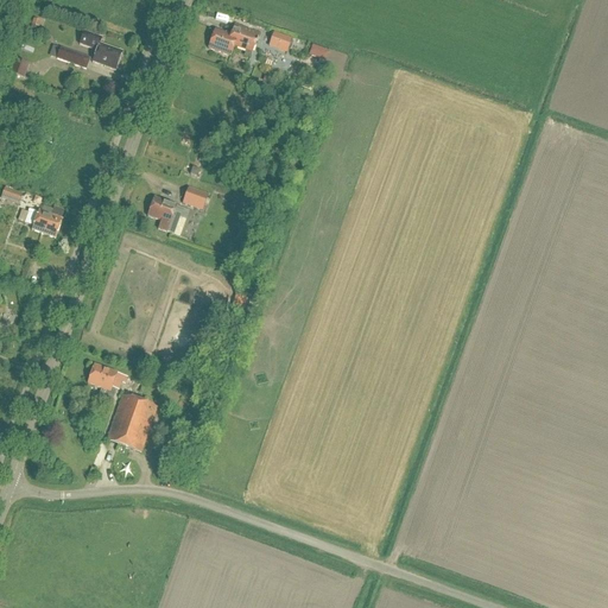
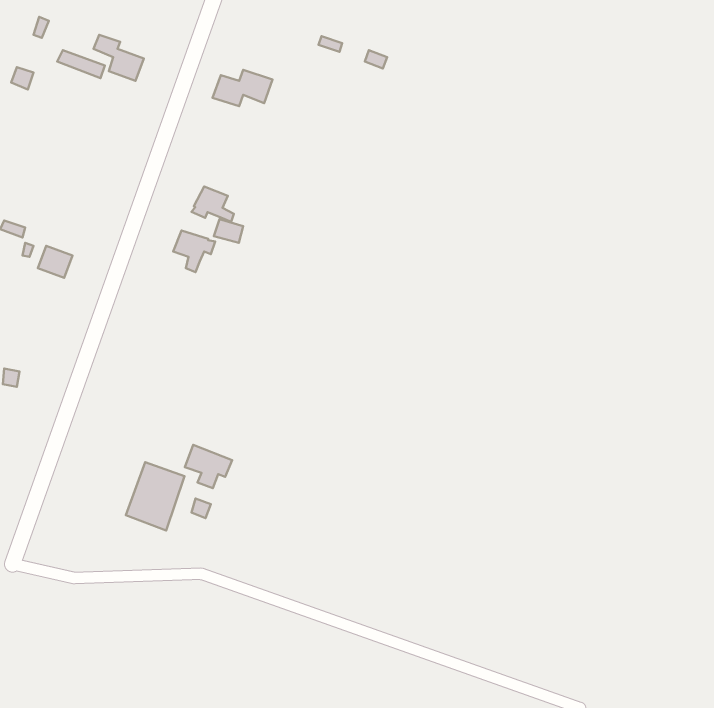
building: [208,23,259,53] -> [212,70,273,106]
building: none -> [192,186,234,222]
building: [88,362,128,399] -> [185,445,232,488]

